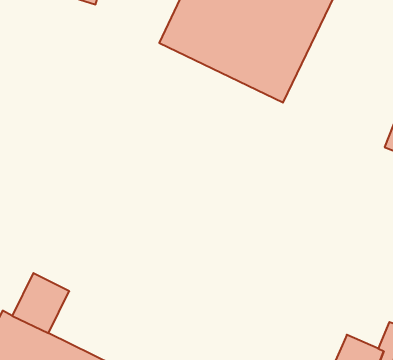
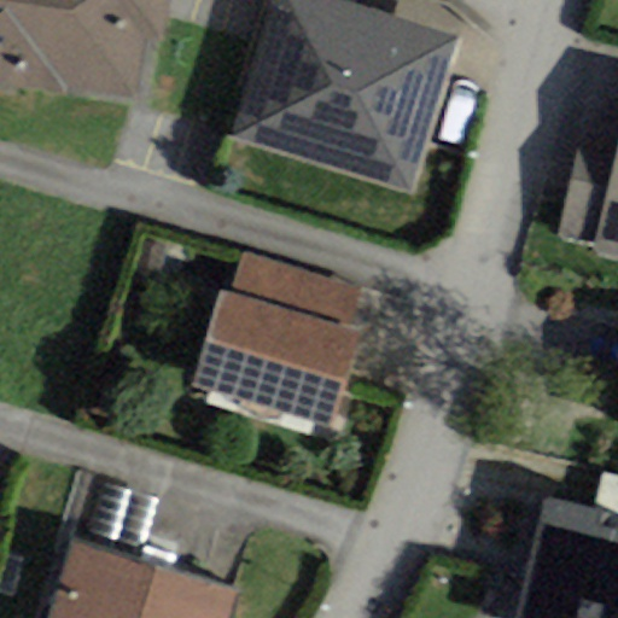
building: none -> [191,253,360,427]

